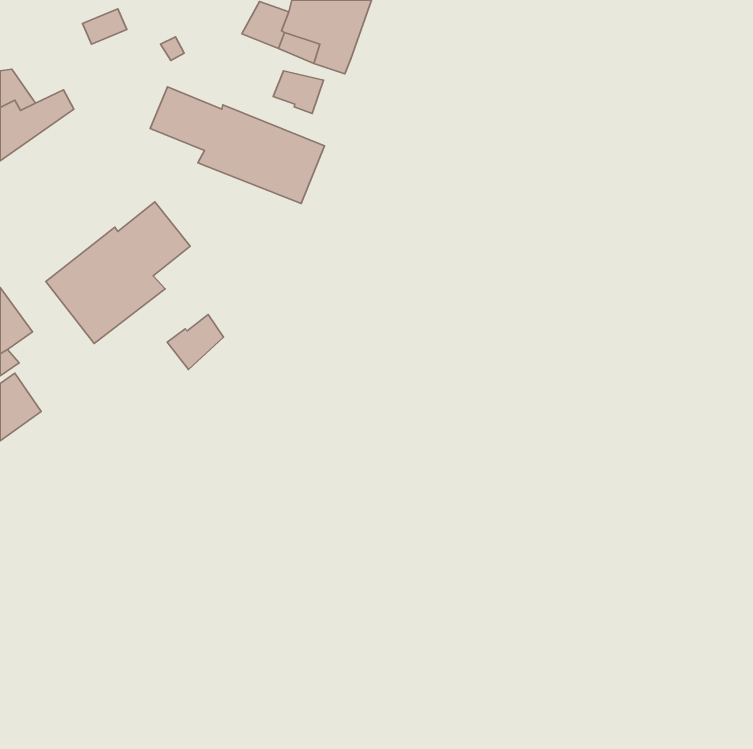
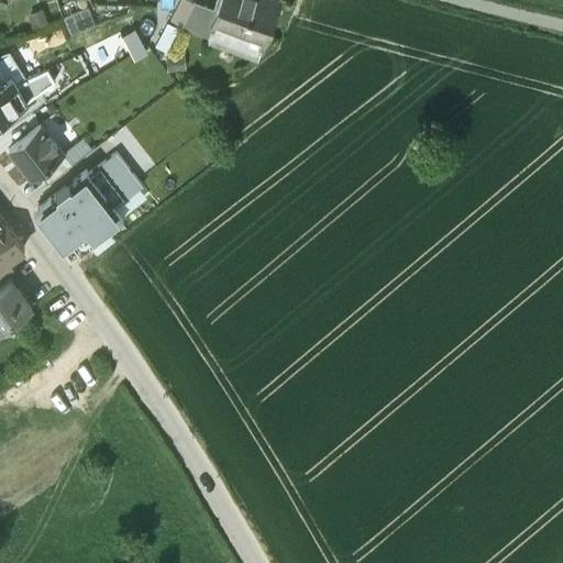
building: [273,71,323,114] -> none
building: [150,87,324,204] -> none
building: none -> [9,128,64,181]
building: [167,315,223,369] -> none

